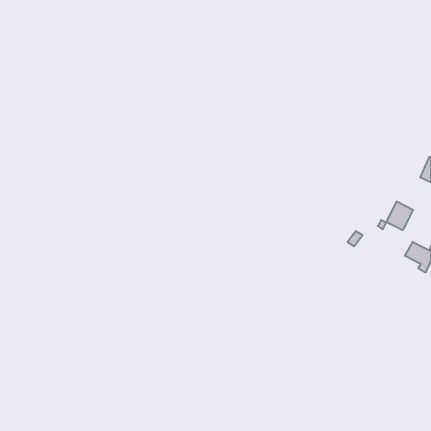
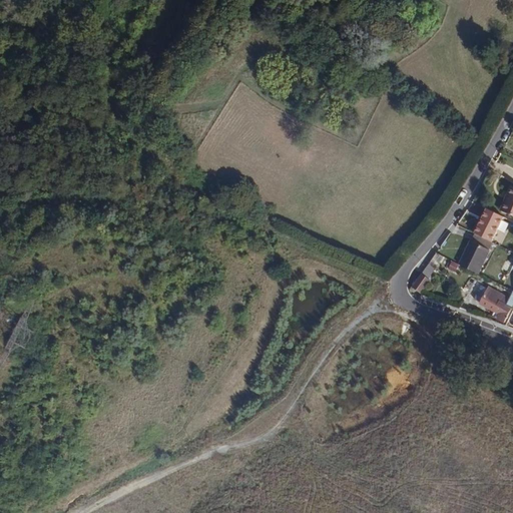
building: none -> [472,208,502,241]

